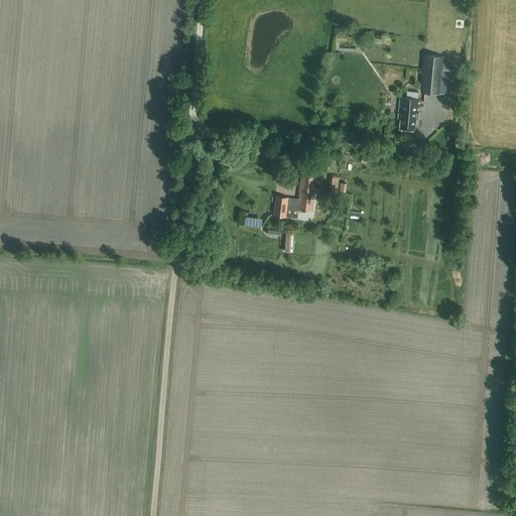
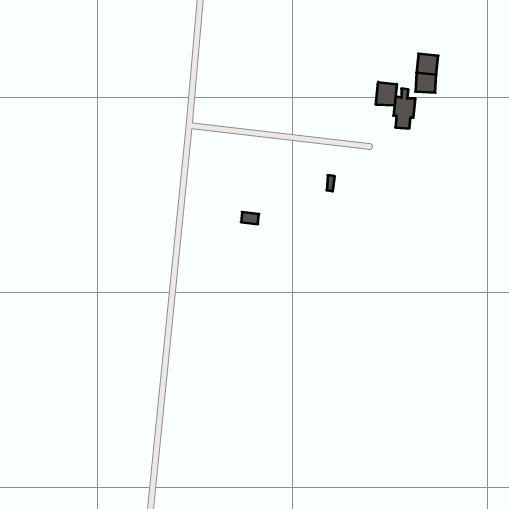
building: none -> [376,82,397,106]
building: [274,176,314,219] -> none

